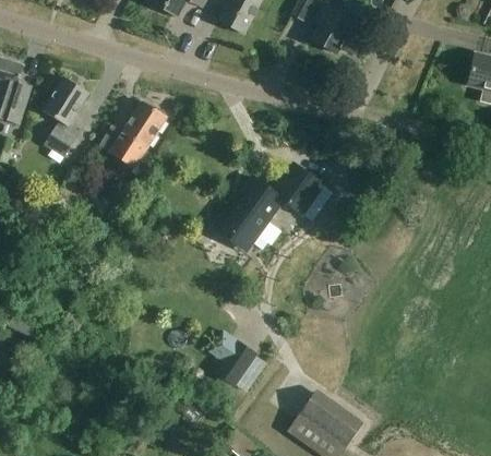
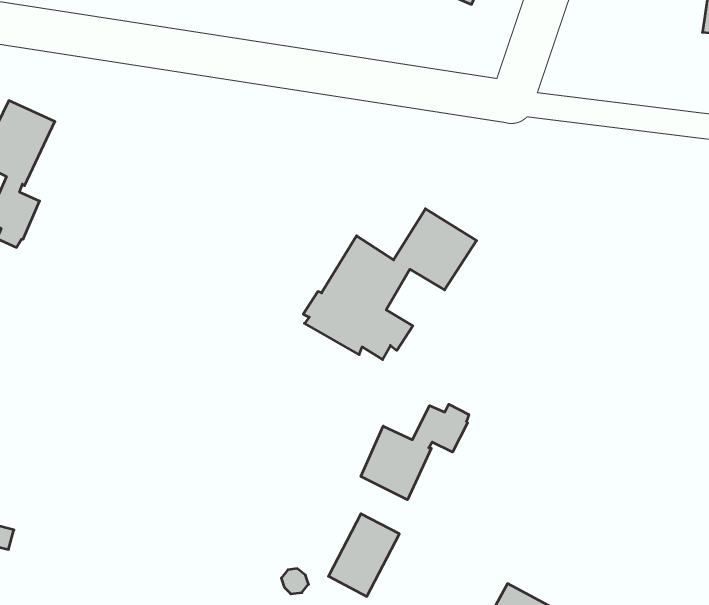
building: [97,100,165,168] -> none
building: none -> [361,404,469,500]

